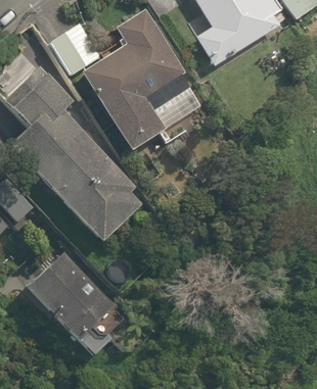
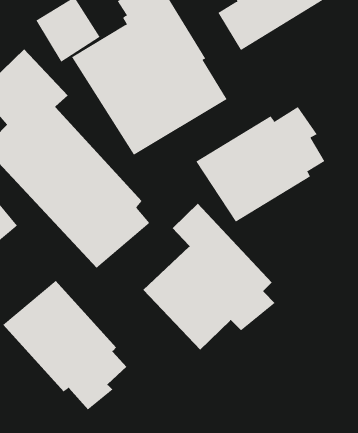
building: none -> [196,106,325,222]
building: none -> [142,203,275,350]

